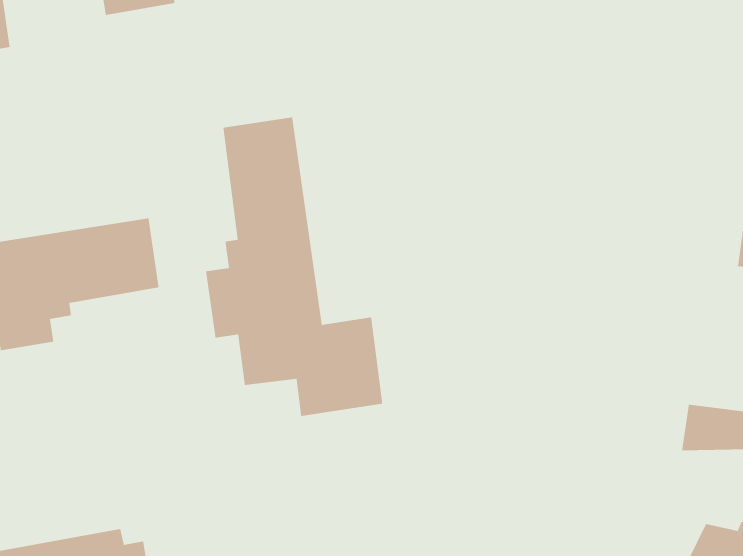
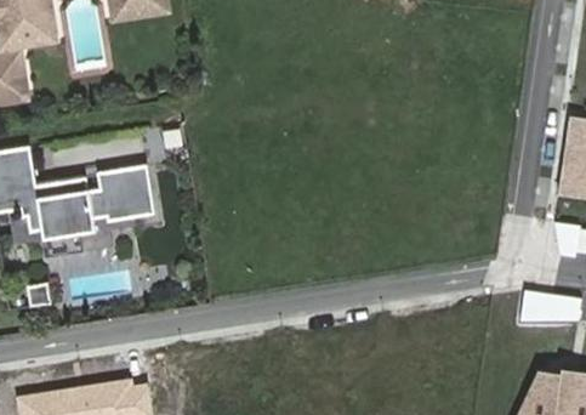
building: [205,117,383,417] -> none

